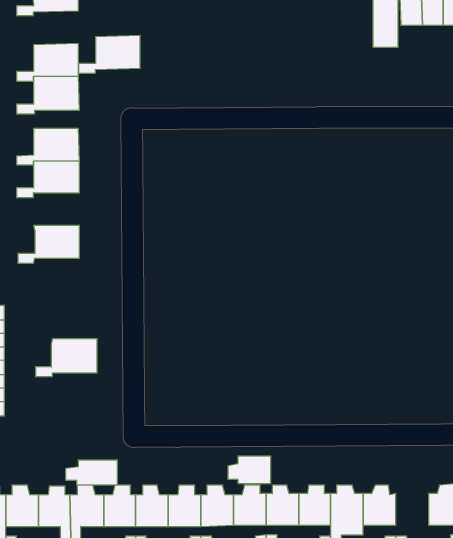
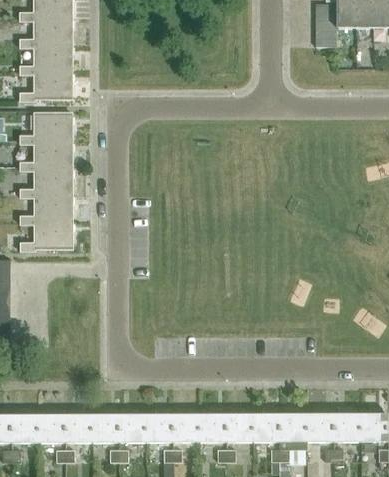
building: [78,35,140,73] -> [20,17,71,48]
building: none -> [21,167,72,198]
building: [35,339,97,377] -> [21,221,72,252]
building: [228,456,271,484] -> none
building: [66,460,117,485] -> none
building: none -> [333,408,360,441]

